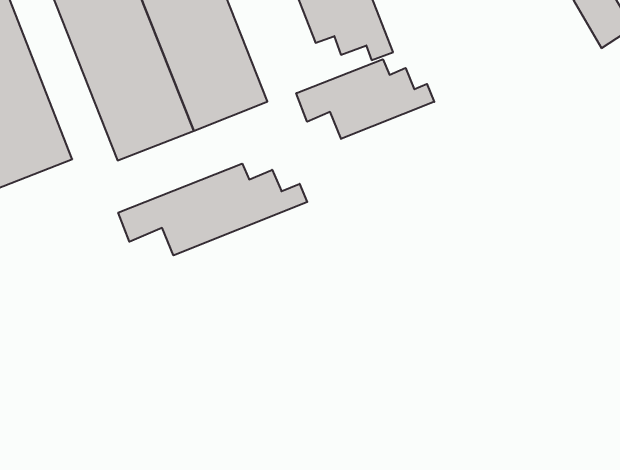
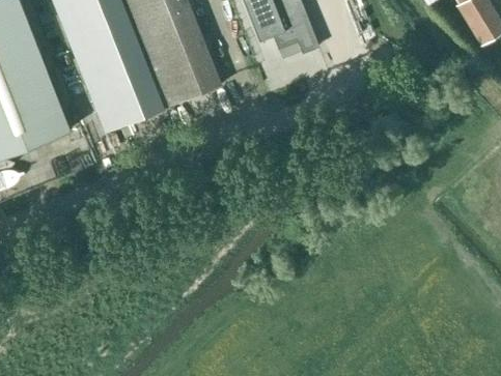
building: [296,59,434,139] -> none
building: [118,164,307,255] -> none

